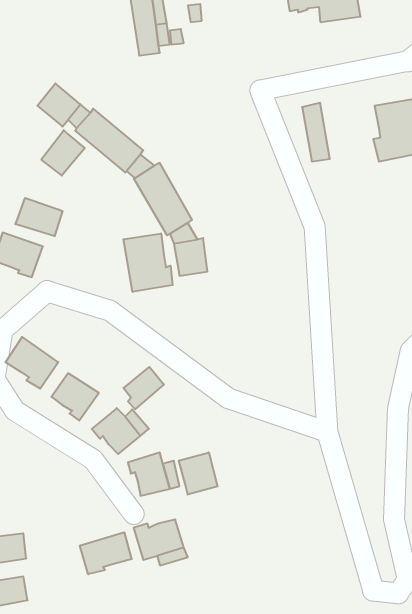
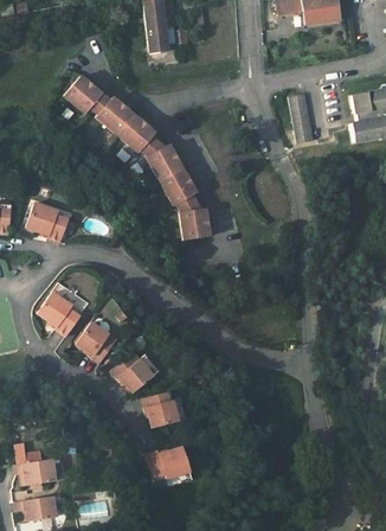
building: [41,130,85,176] -> none
building: [15,198,62,236] -> none
building: [123,233,173,292] -> none
building: [124,367,164,409] -> none
building: [179,452,218,495] -> none
building: [80,532,132,574] -> none

